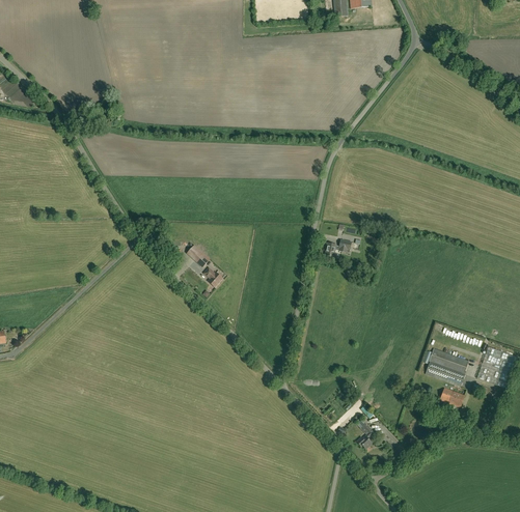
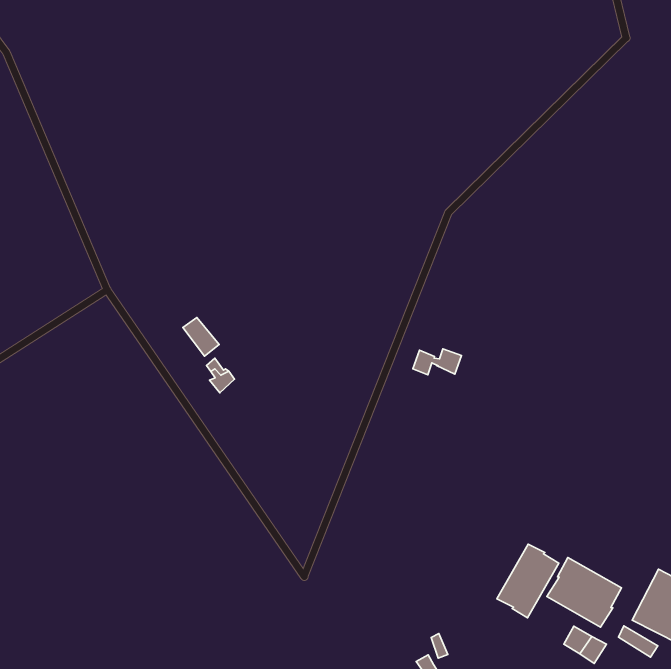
building: none -> [497,544,559,618]

